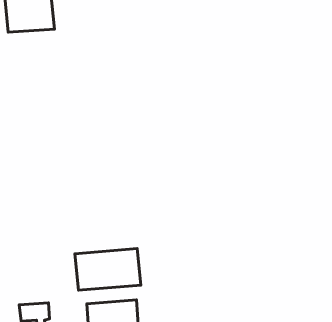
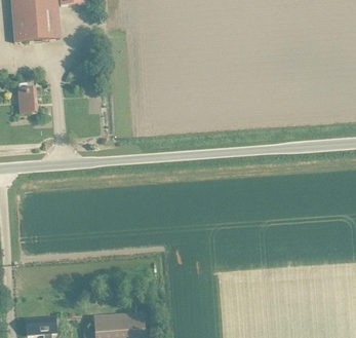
building: none -> [16,86,36,112]
building: [75,249,141,290] -> none

